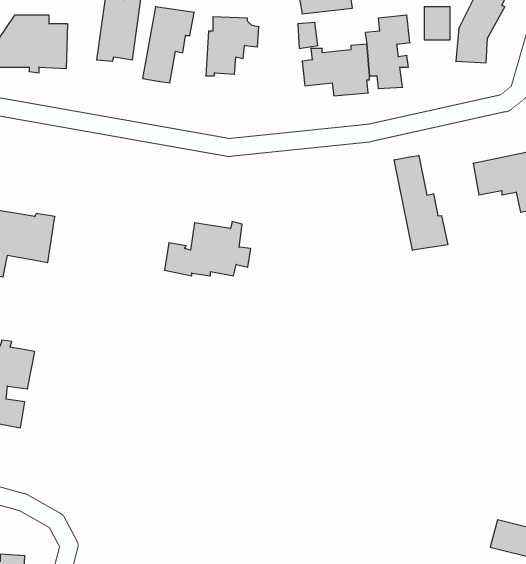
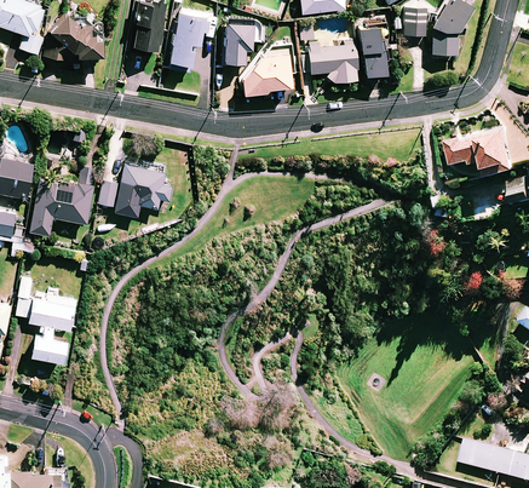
building: none -> [240,36,294,96]
building: [394,155,448,250] -> none
building: [164,221,251,276] -> [98,162,171,208]

